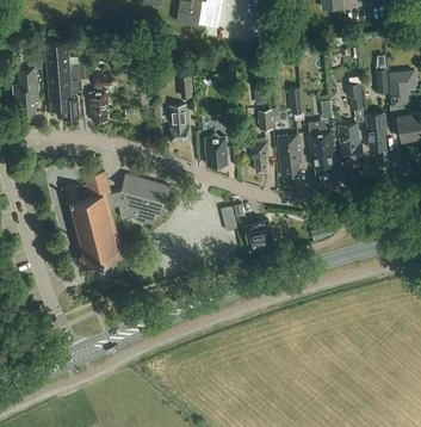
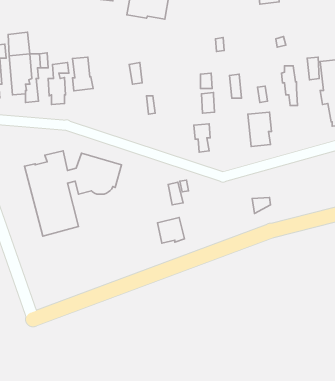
building: [168,105,191,142] -> [73,57,93,91]
building: [365,112,386,150] -> none
building: [336,124,360,159] -> none
building: [204,132,227,166] -> none
building: [277,134,299,177] -> none
building: [243,221,273,249] -> [158,217,185,243]

